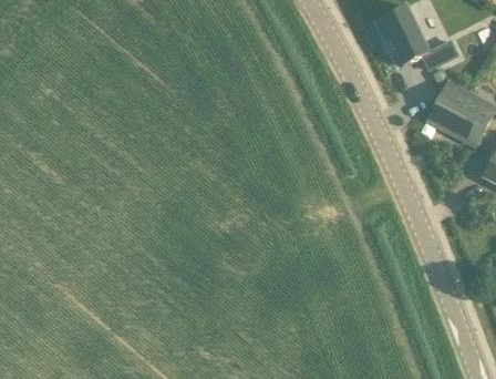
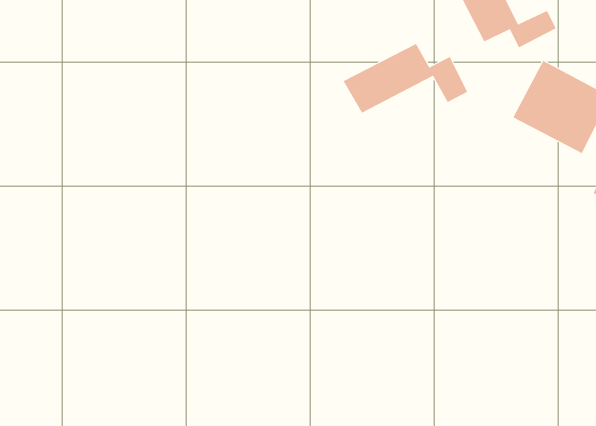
building: none -> [343,43,468,114]

